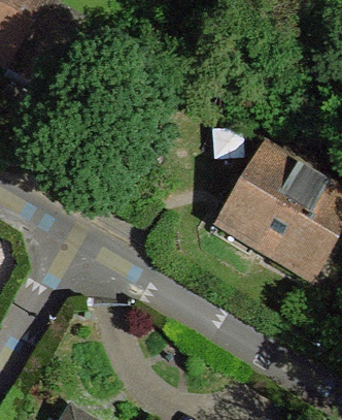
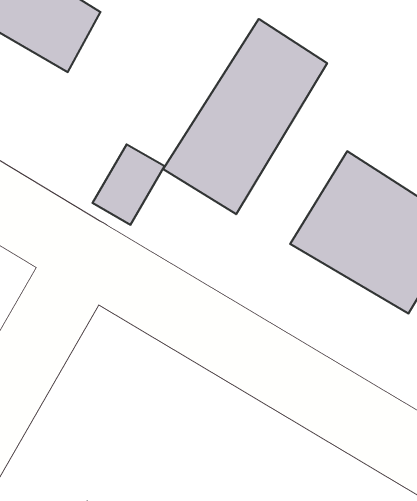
building: none -> [163,19,327,214]

